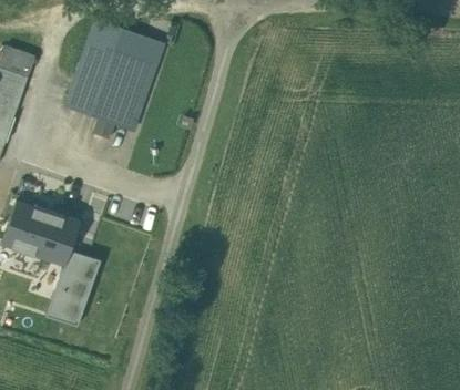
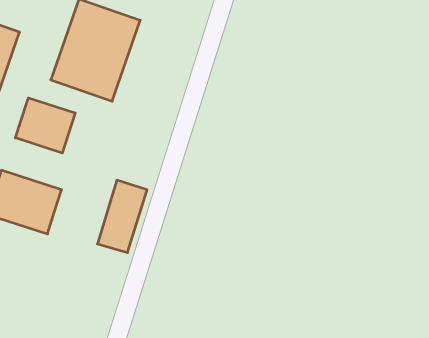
building: none -> [15,98,75,153]
building: [49,249,100,324] -> [97,180,147,253]

